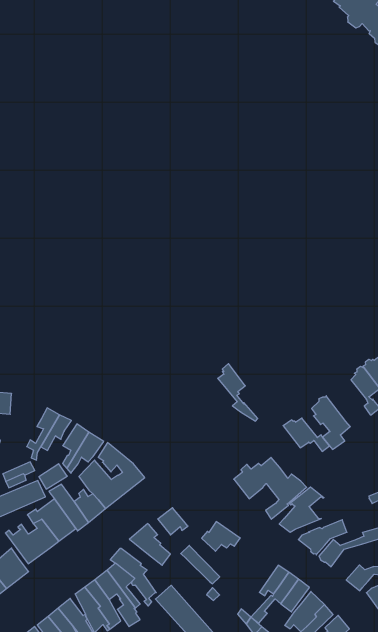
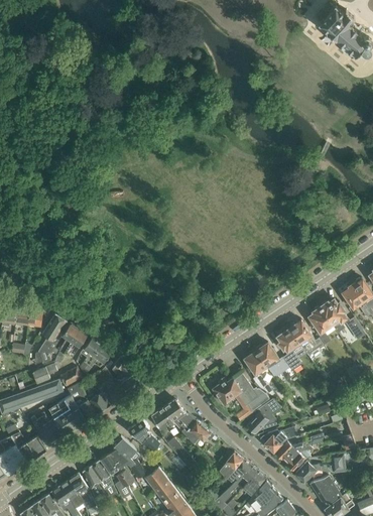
building: [218,364,258,421] -> [244,349,273,395]
building: none -> [288,321,322,355]
building: none -> [37,312,67,364]
building: none -> [162,399,196,432]
building: none -> [283,445,312,471]
building: none -> [215,450,242,478]

